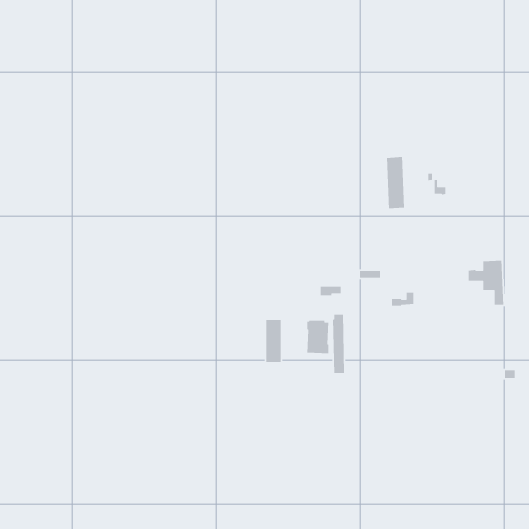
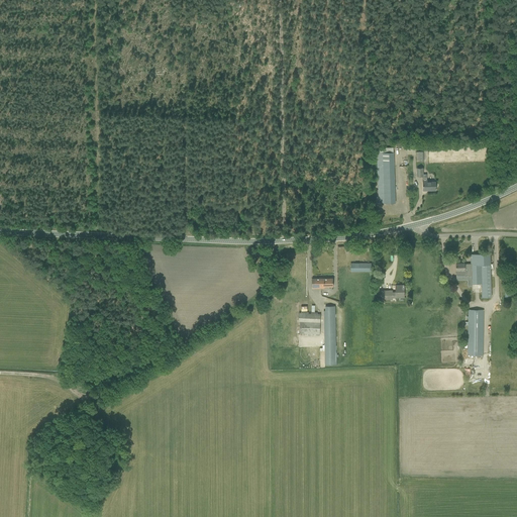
building: none -> [466,310,484,355]
building: [266,319,281,363] -> none

